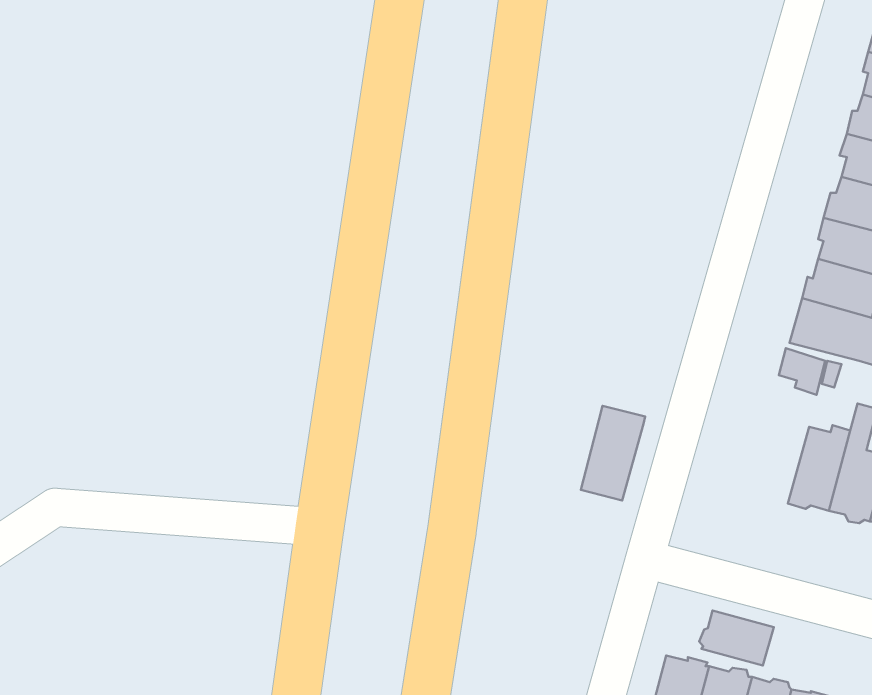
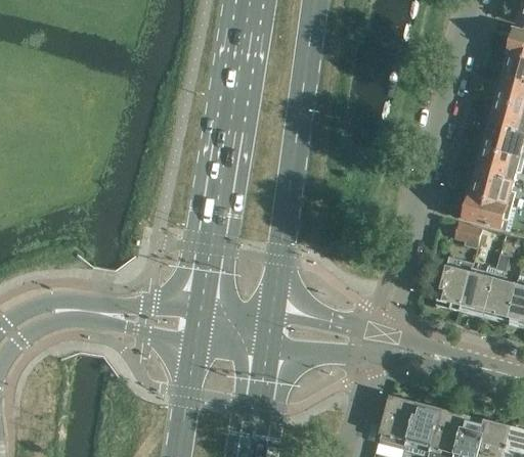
building: [581,406,645,501] -> [438,257,475,311]
building: [699,610,774,666] -> none

